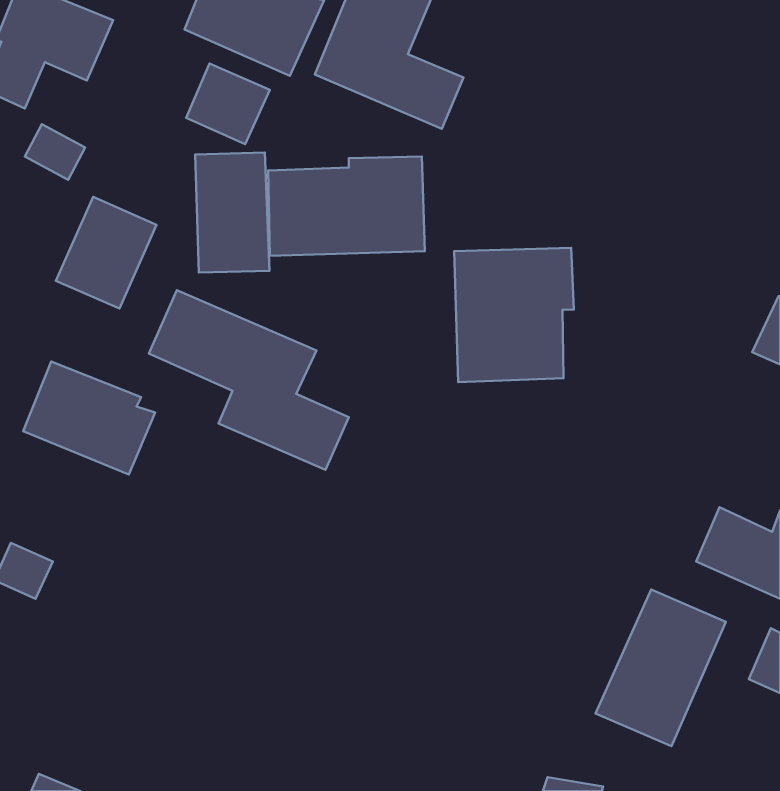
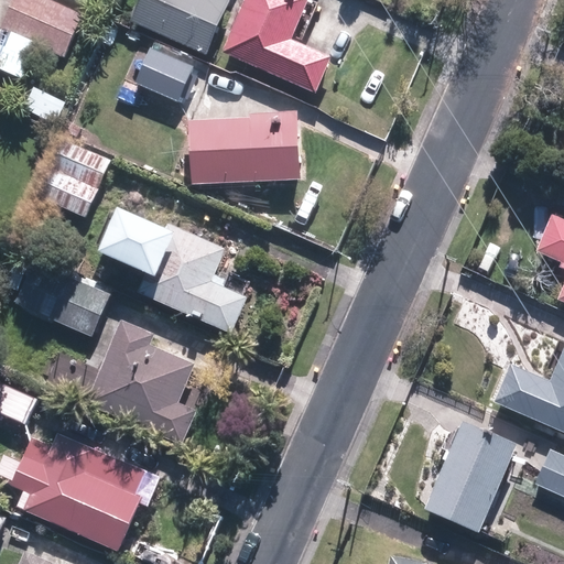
building: [195,153,270,272] -> none
building: [454,248,574,382] -> none
building: none -> [91,318,197,444]
building: none -> [13,435,140,549]

